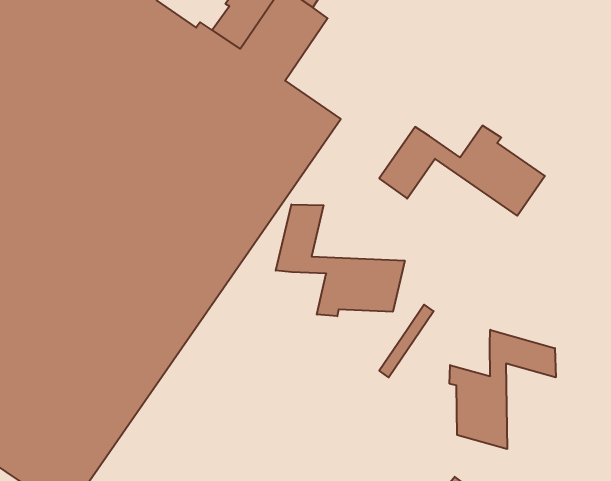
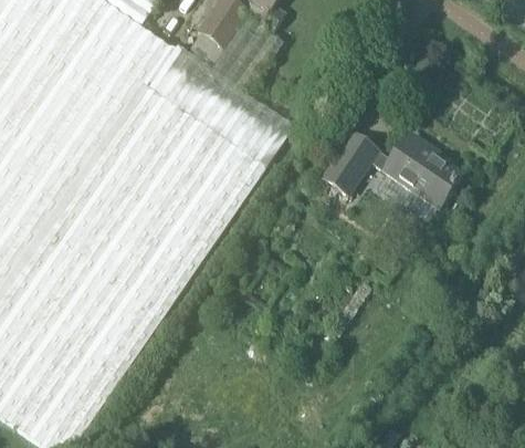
building: [276,204,405,316] -> none
building: [450,330,556,449] -> none

